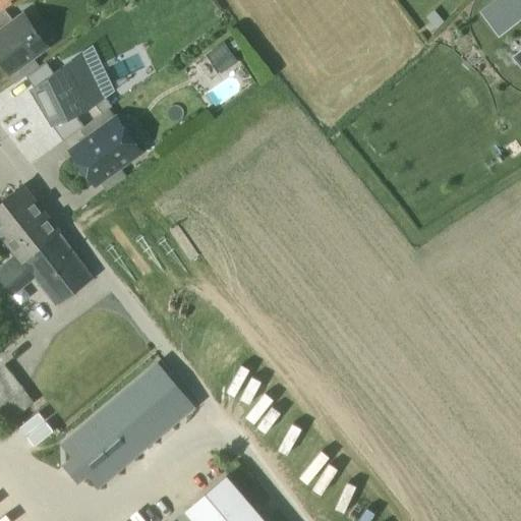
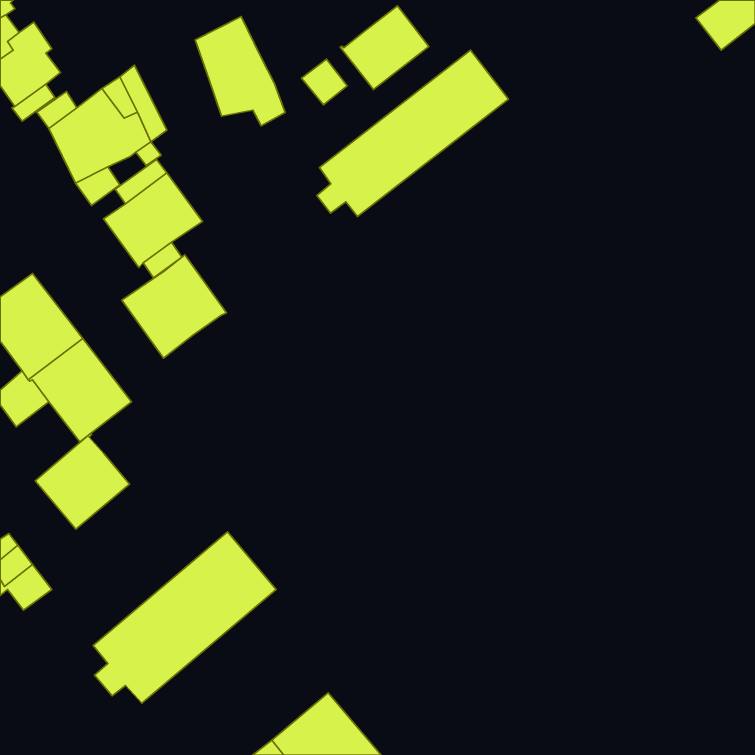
building: none -> [340,6,429,90]
building: none -> [195,17,285,126]
building: none -> [317,50,509,217]
building: none -> [122,255,226,358]
building: none -> [35,433,129,529]

